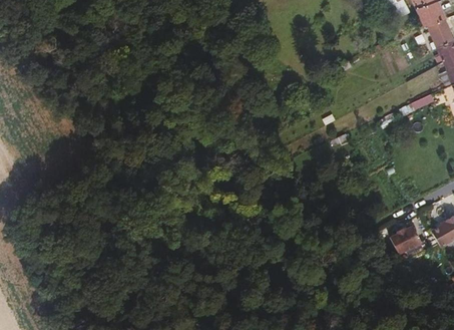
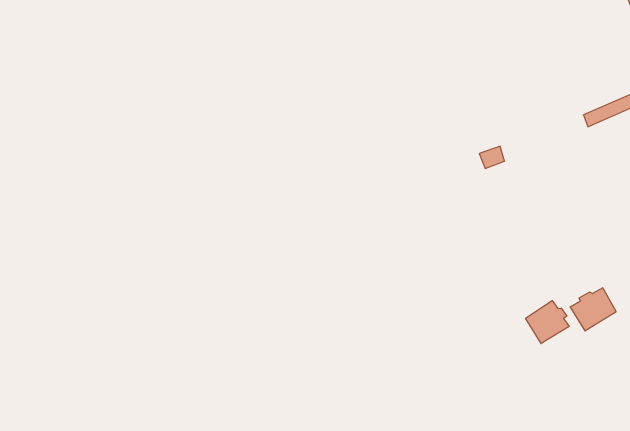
building: none -> [526,301,569,344]

